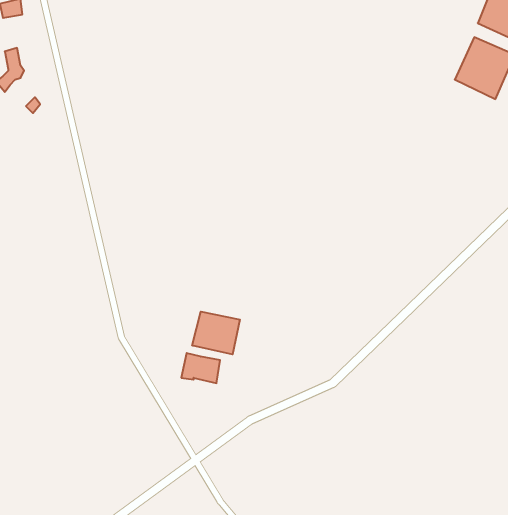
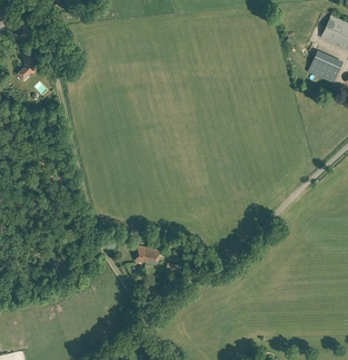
building: [192,312,240,354] -> none

